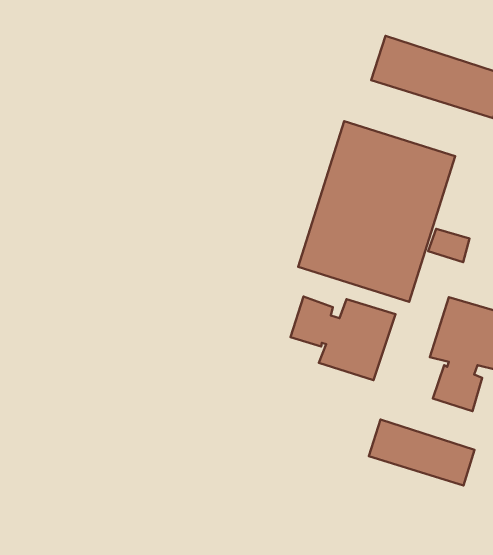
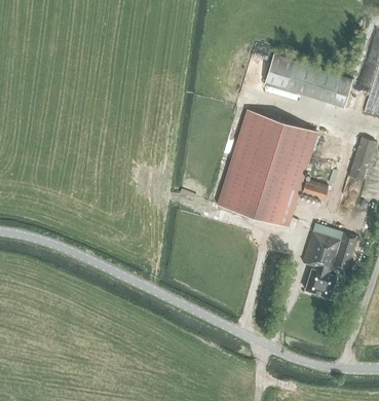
building: [291,297,396,380] -> none
building: [369,419,474,486] -> none

